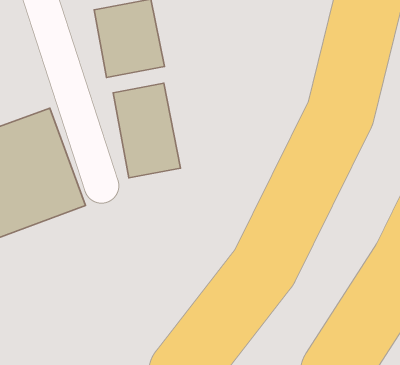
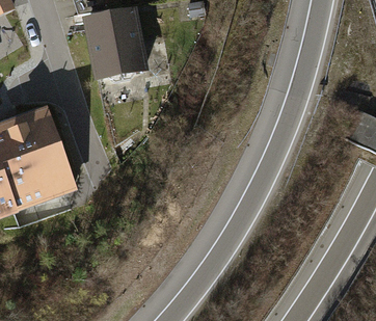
building: [113,83,181,178] -> none

